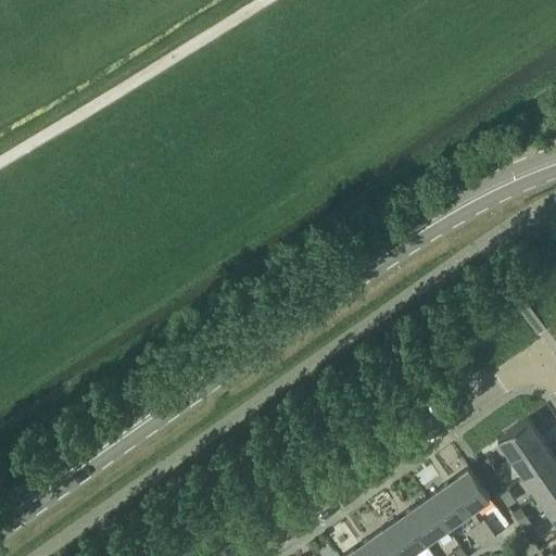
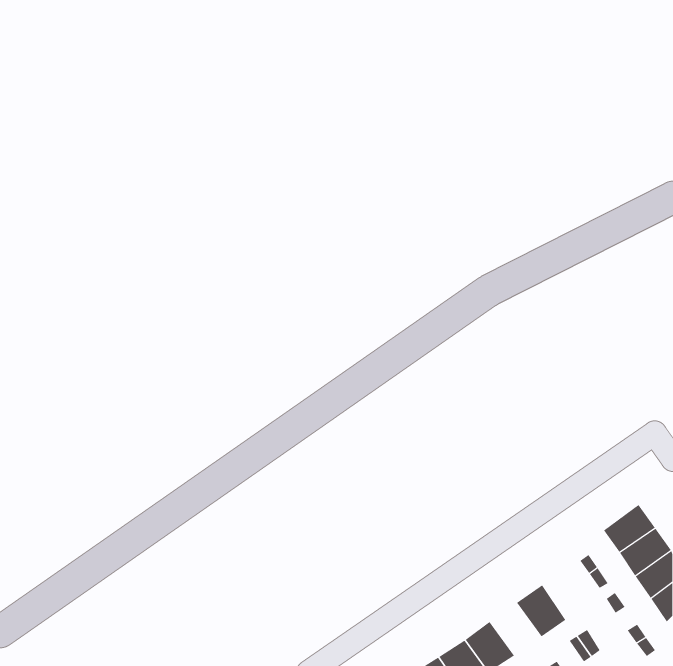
building: [447,472,489,517] -> none
building: [404,503,446,546] -> none

